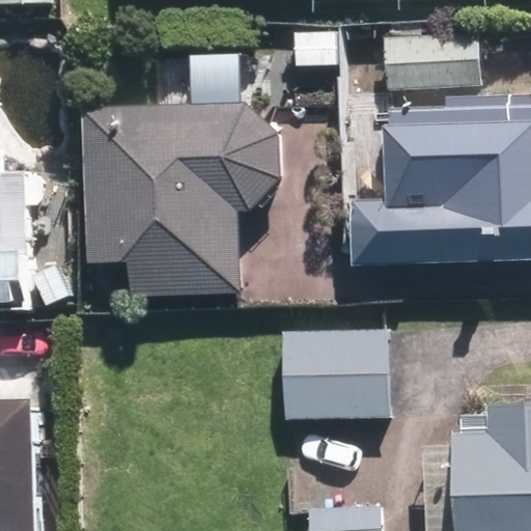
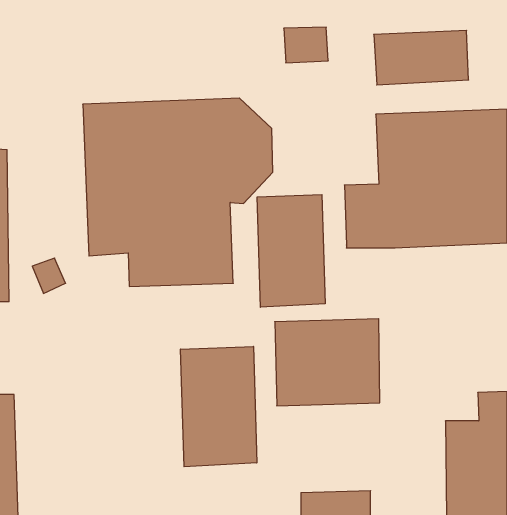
building: none -> [257,195,325,307]
building: none -> [181,346,257,467]

